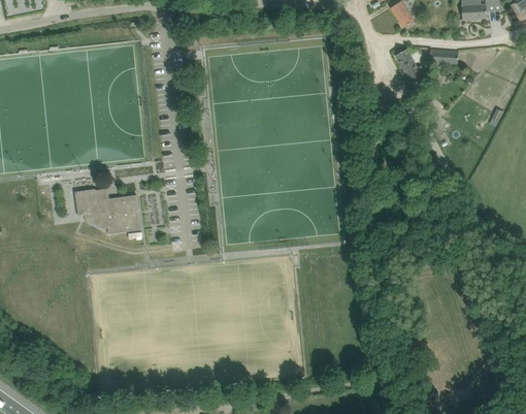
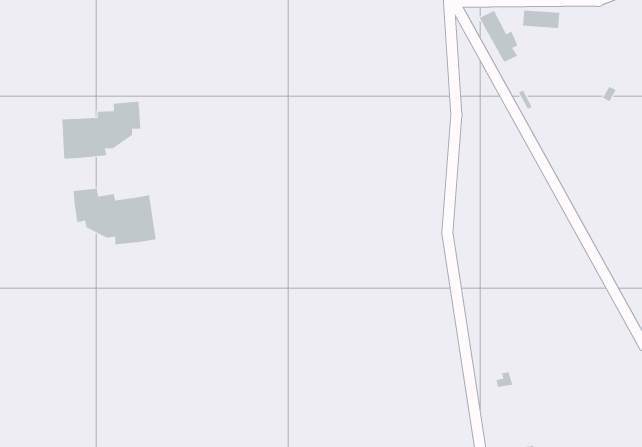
building: none -> [62,101,141,159]

